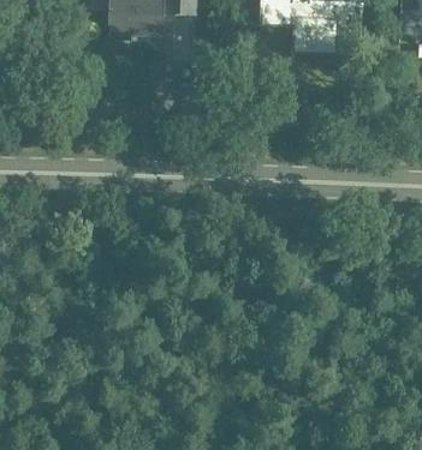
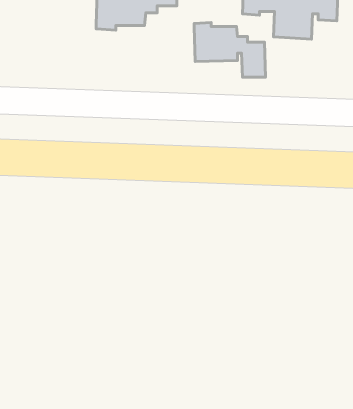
building: none -> [194,23,266,77]

